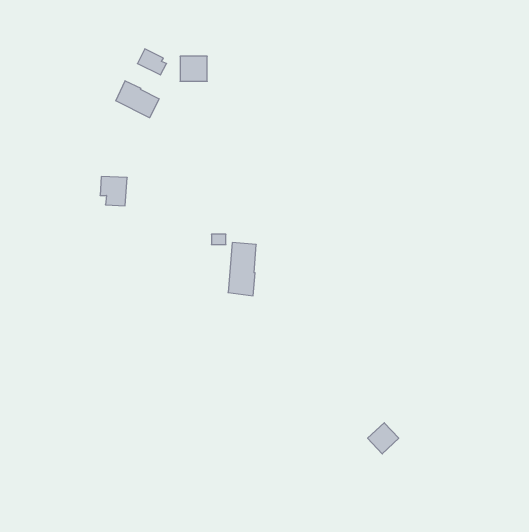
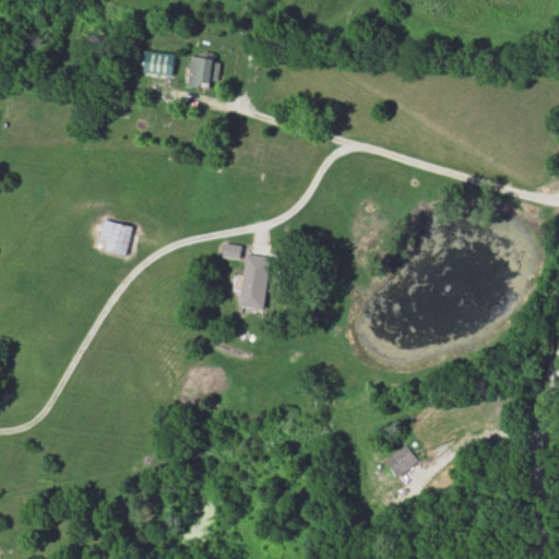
building: [116,81,159,118] -> none
building: [100,177,127,206] -> [99,223,128,253]

